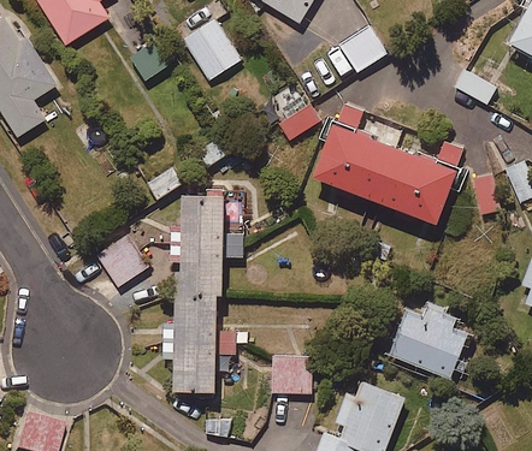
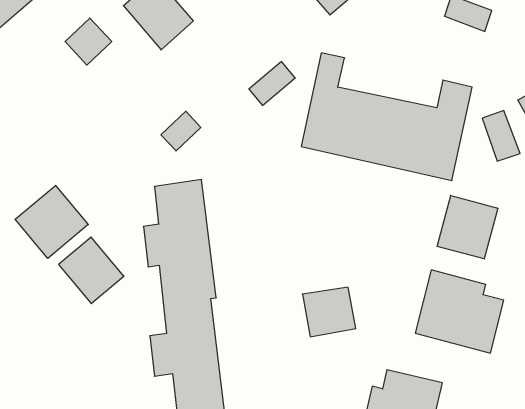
building: none -> [15,185,88,258]
building: none -> [437,195,498,259]
building: [271,356,312,393] -> [302,287,356,337]

